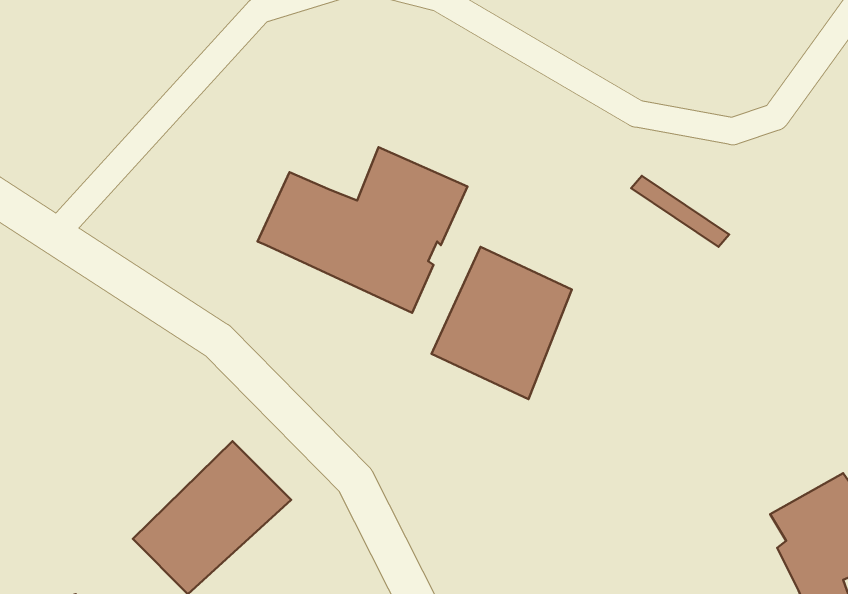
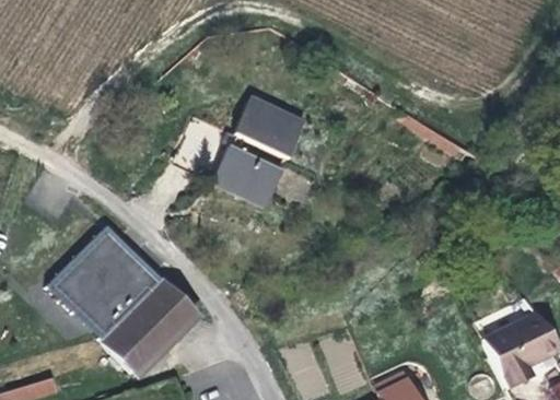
building: [431,247,572,399] -> none
building: none -> [47,232,160,340]

